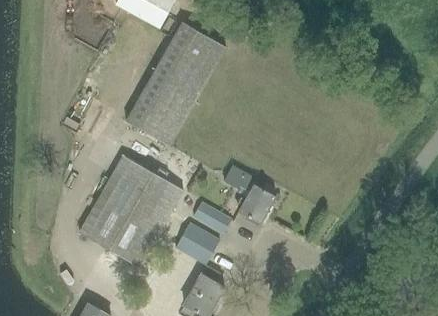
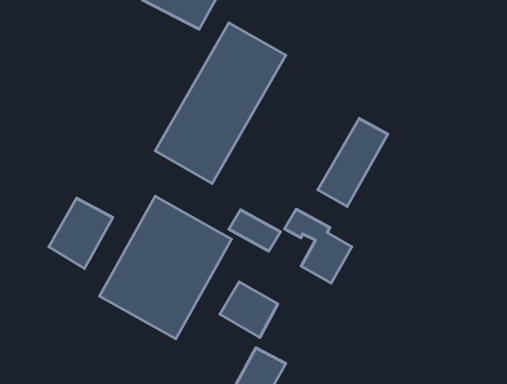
building: none -> [318,118,388,206]
building: none -> [49,198,113,268]
building: [190,201,230,233] -> [229,210,281,251]

